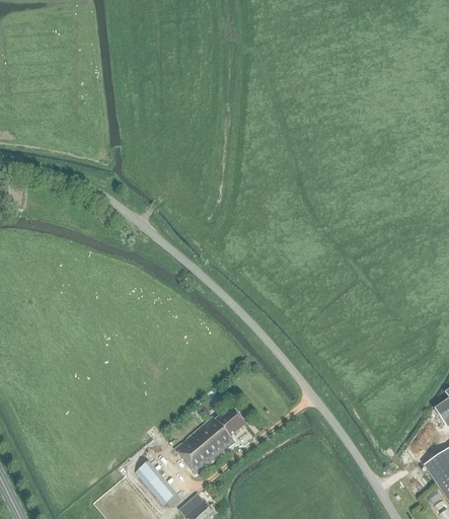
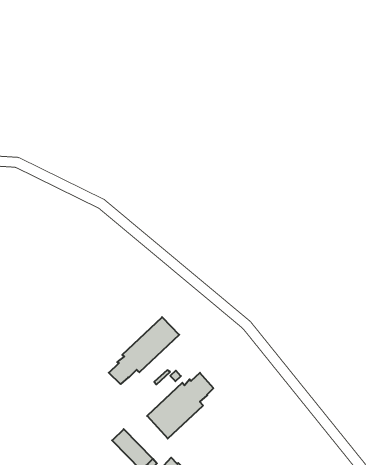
building: none -> [109,317,179,384]

